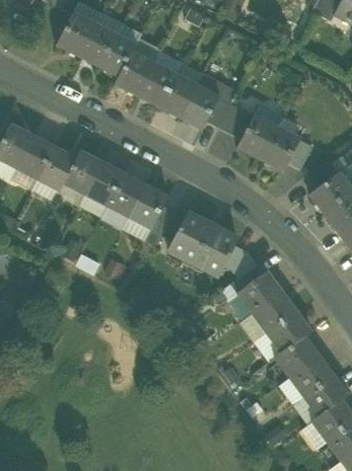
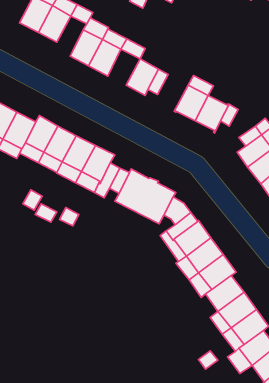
building: [100,34,135,75] -> none
building: [159,73,197,114] -> none
building: [217,102,253,138] -> none

